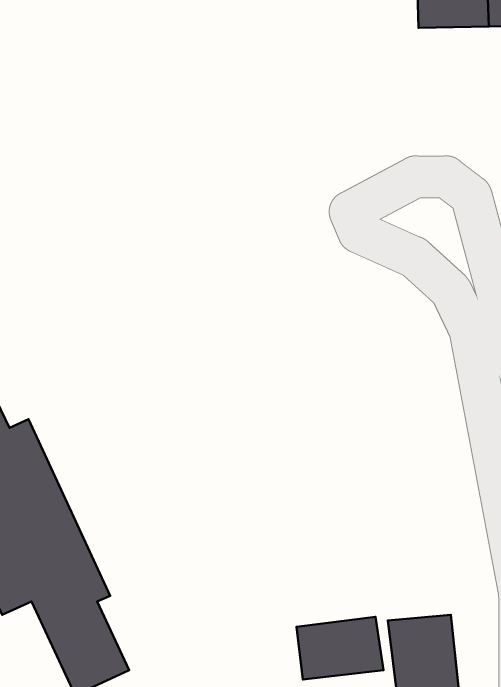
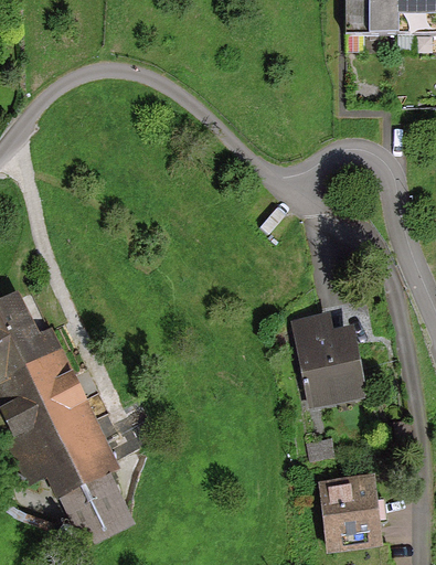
building: none -> [295,313,363,401]
building: [297,617,383,680] -> none

